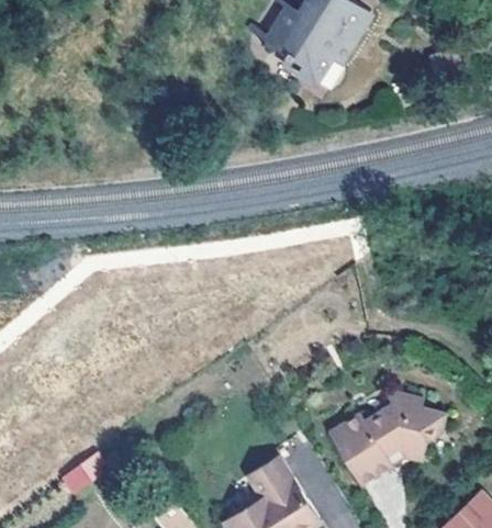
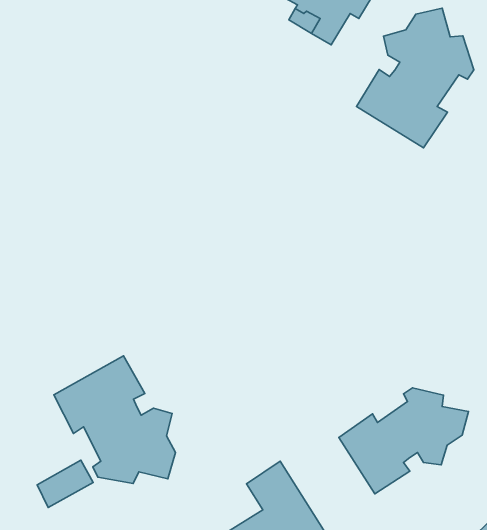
building: none -> [356,8,474,148]
building: none -> [54,356,176,484]

